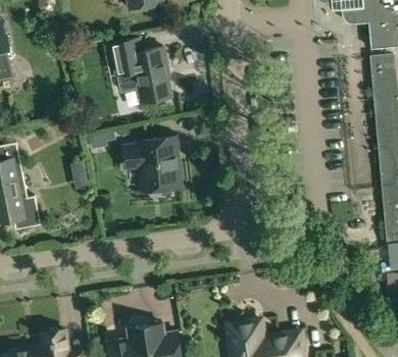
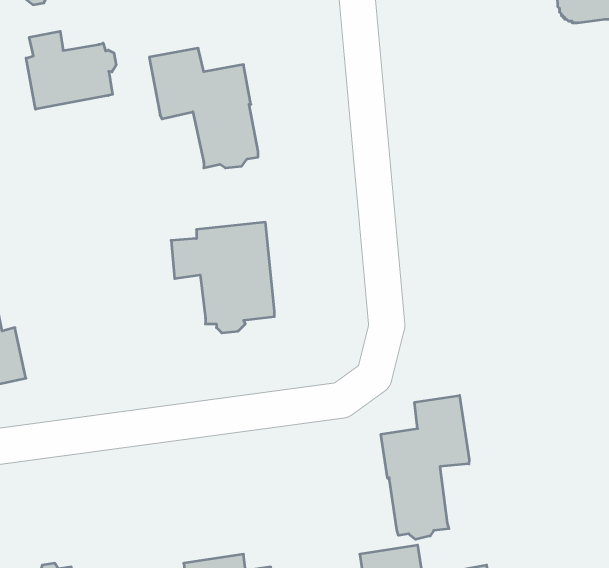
building: none -> [26,31,116,109]
building: none -> [381,395,469,539]

